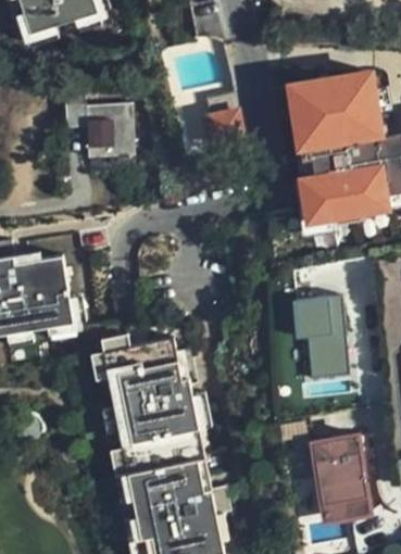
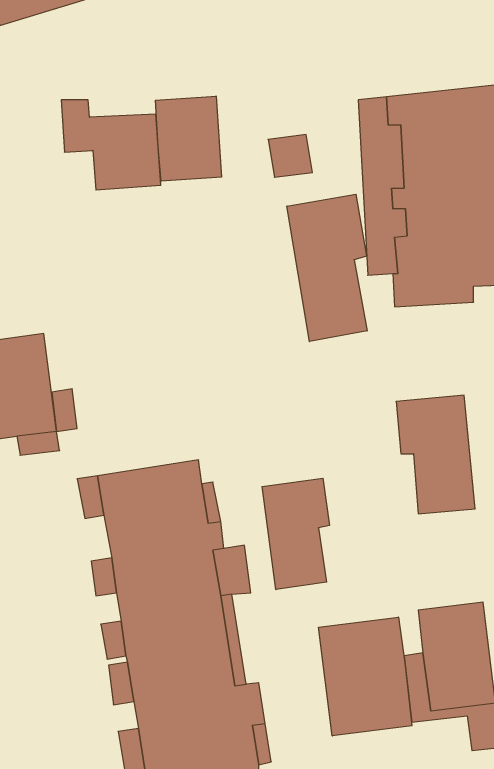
building: none -> [156,96,221,181]
building: none -> [287,194,367,342]
building: none -> [262,478,329,590]
building: none -> [319,617,412,736]

